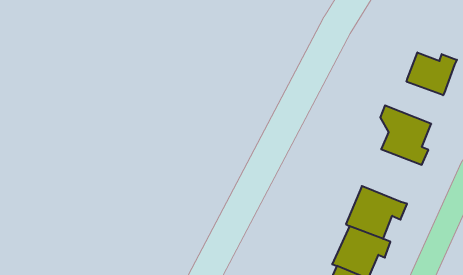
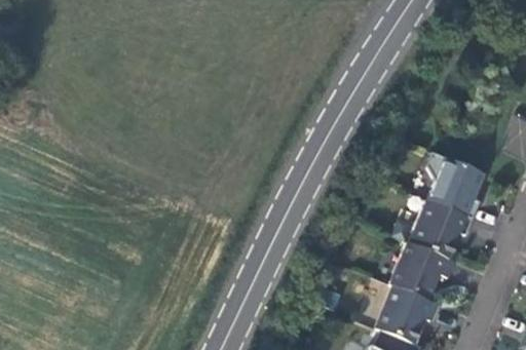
building: [407,52,457,95] -> none
building: none -> [409,199,473,259]

